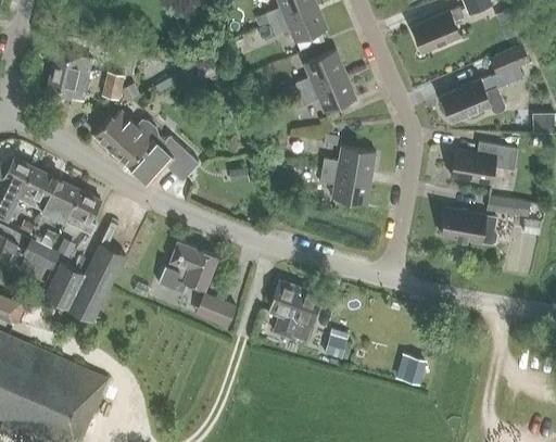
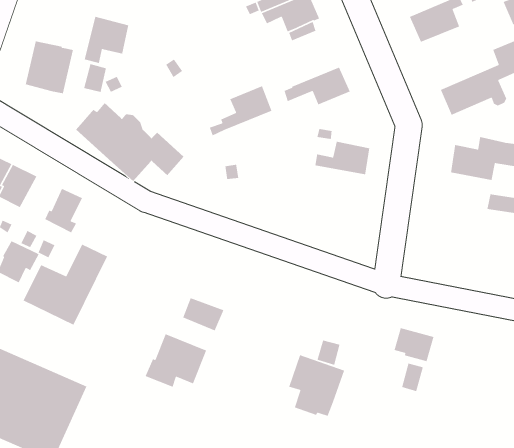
building: none -> [84,16,129,64]
building: [285,50,345,99] -> [209,85,273,136]
building: [319,169,370,204] -> none
building: [41,179,80,220] -> none
building: [441,207,497,244] -> none
building: [157,241,217,293] -> [145,333,207,388]
building: [268,280,323,340] -> [288,354,345,417]
building: none -> [393,327,435,362]

